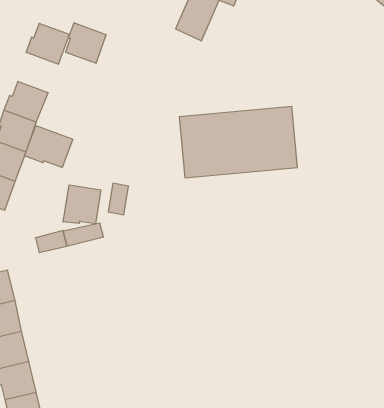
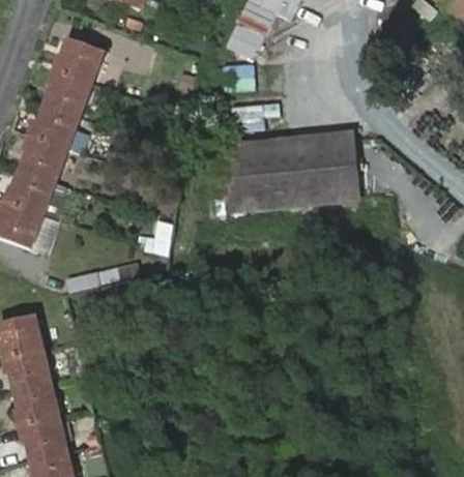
building: [66,23,106,63] -> [46,69,91,115]
building: [25,126,73,168] -> none
building: [63,185,101,224] -> none

